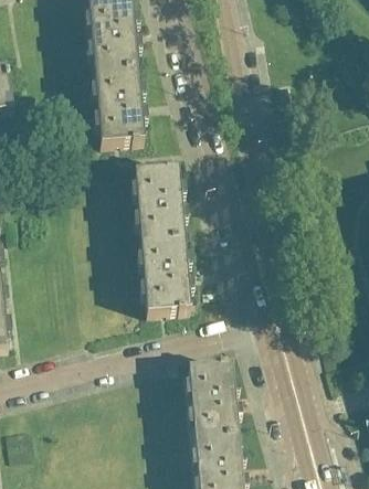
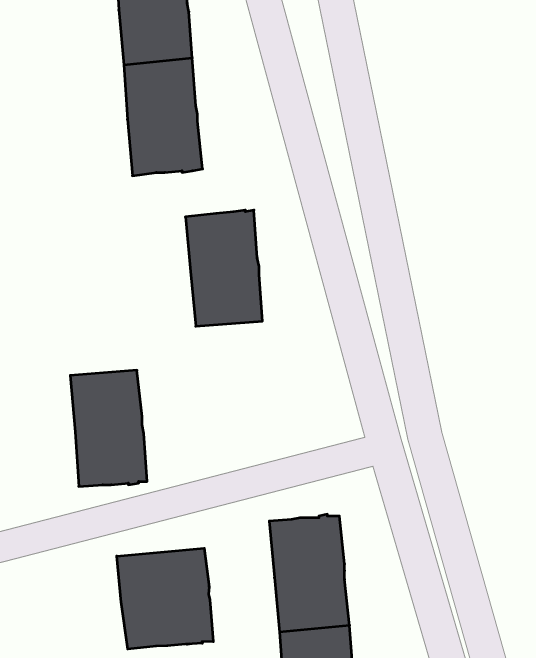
building: [140,236,190,311] -> [70,370,147,486]
building: none -> [117,548,213,649]

